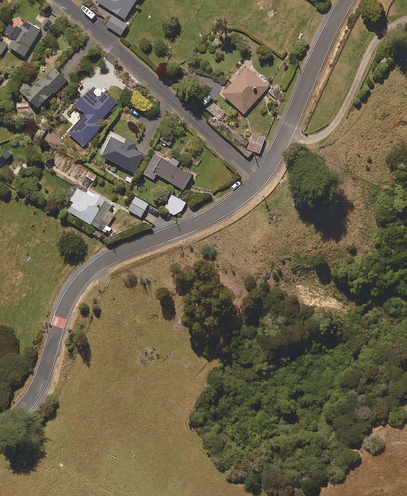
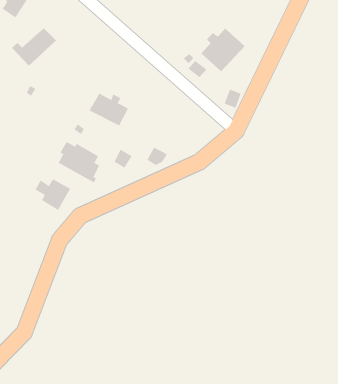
building: [67,88,117,146] -> none
building: [143,153,191,189] -> none
building: none -> [35,178,71,211]

